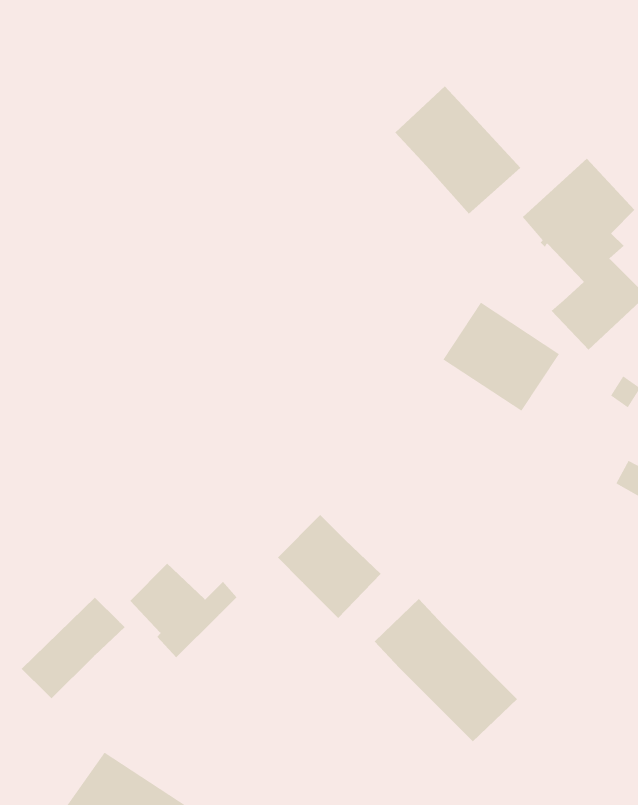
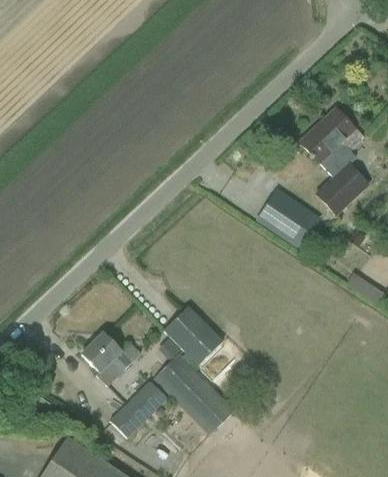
building: [395,86,521,214] -> none
building: [21,597,125,699] -> [110,381,168,438]
building: [374,598,518,742] -> [154,353,234,433]

